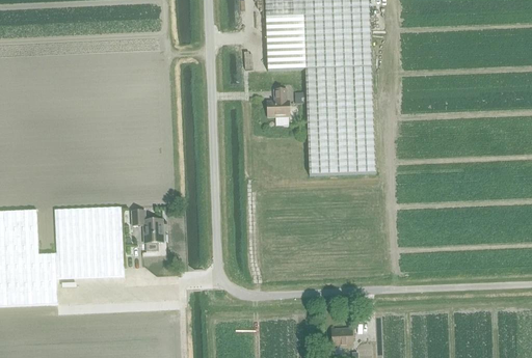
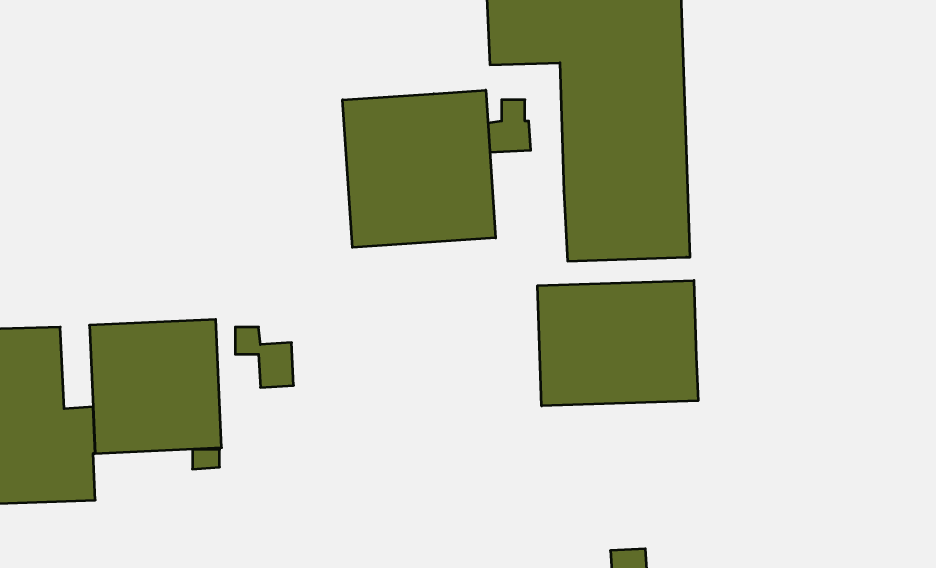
building: none -> [343,90,496,247]
building: none -> [538,280,698,406]

